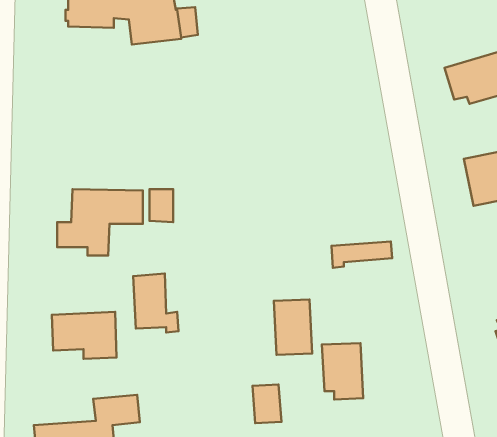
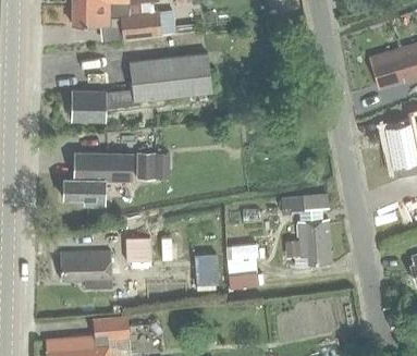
building: none -> [72,53,213,121]
building: [322,343,363,400] -> [298,220,331,265]
building: [252,384,281,423] -> [195,255,218,285]

